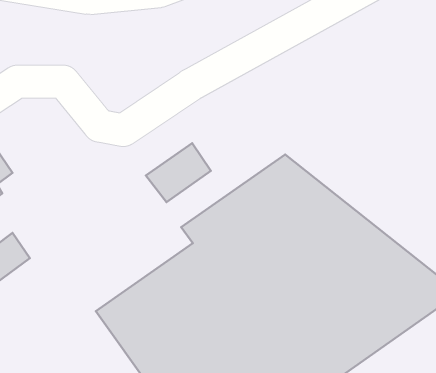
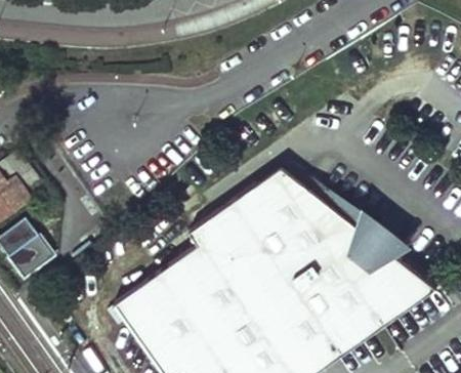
building: [146,143,211,202] -> none

